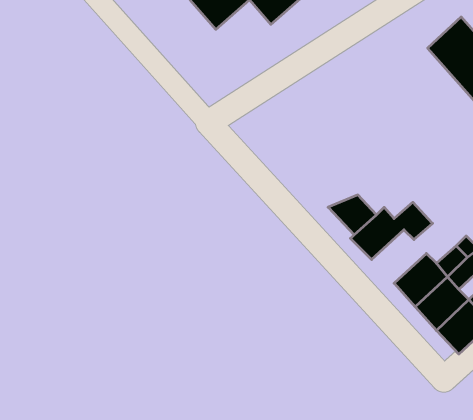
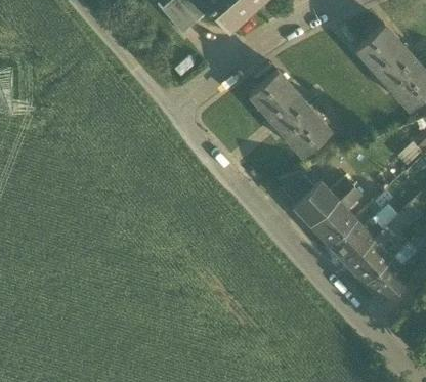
building: none -> [248,71,330,157]
building: none -> [309,200,354,244]

